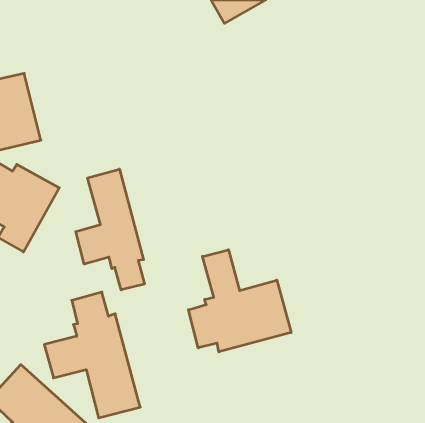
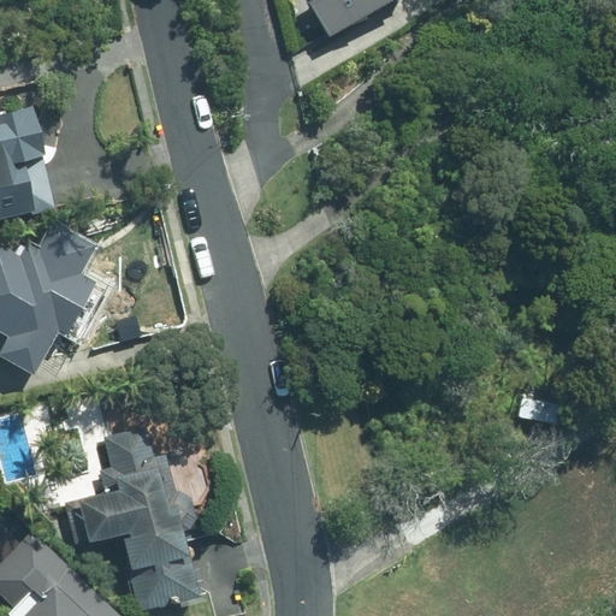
building: [76,169,144,290] -> none
building: [188,250,291,352] -> none

